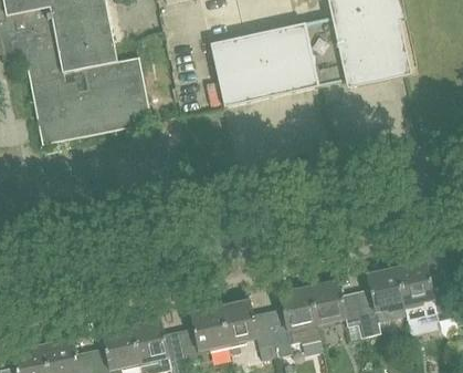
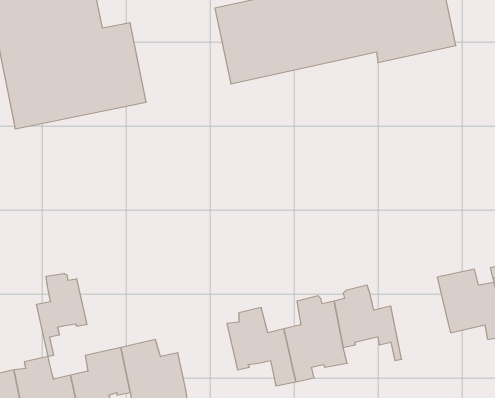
building: none -> [37,273,87,357]
building: [356,269,403,338] -> none
building: [178,303,228,363] -> none

